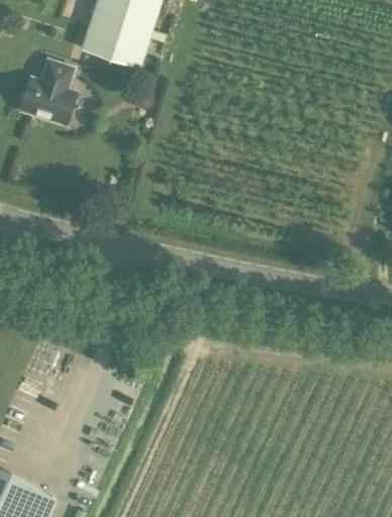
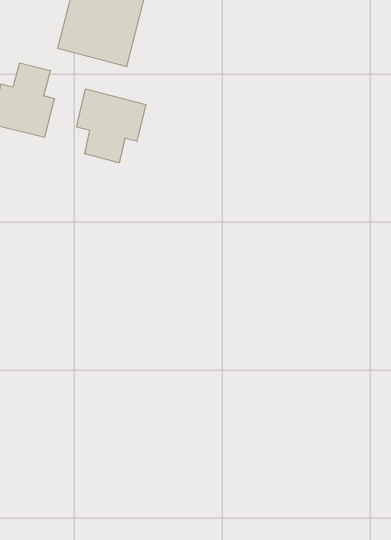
building: none -> [77,89,146,163]

